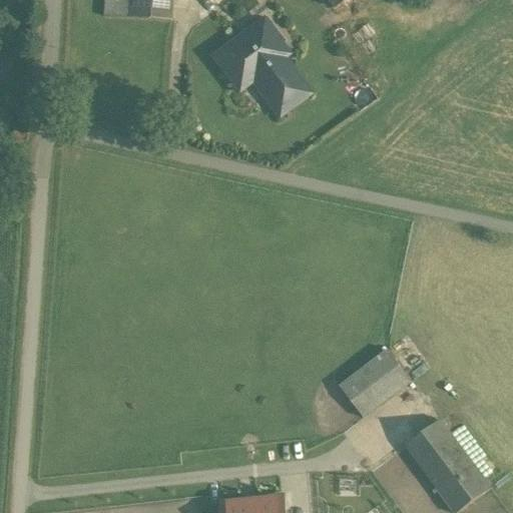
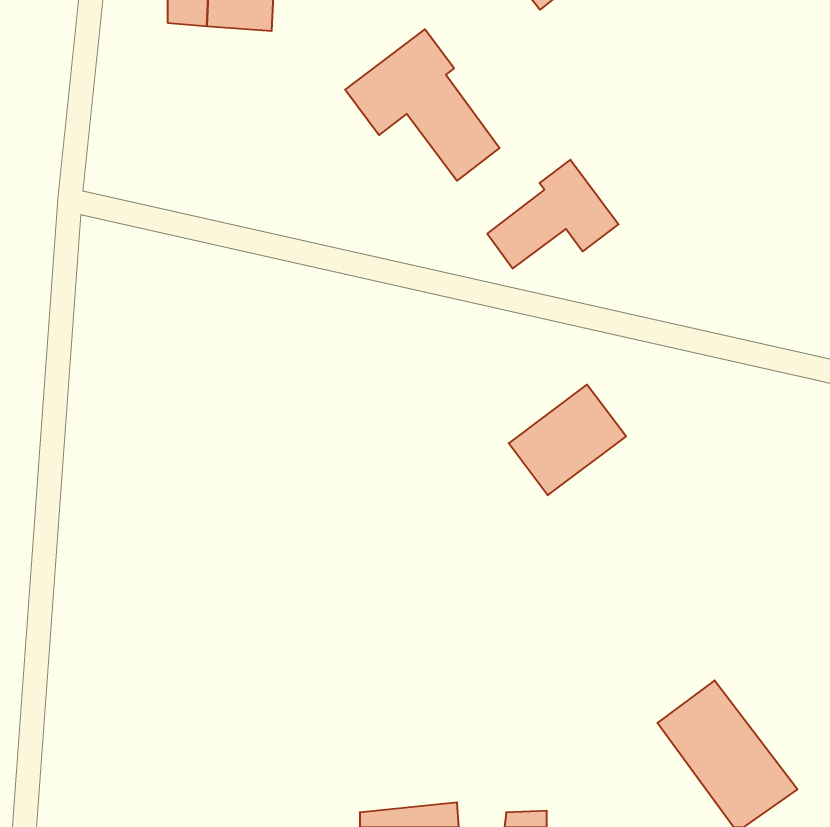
building: none -> [487,160,619,269]
building: [339,348,411,416] -> [509,385,626,495]

